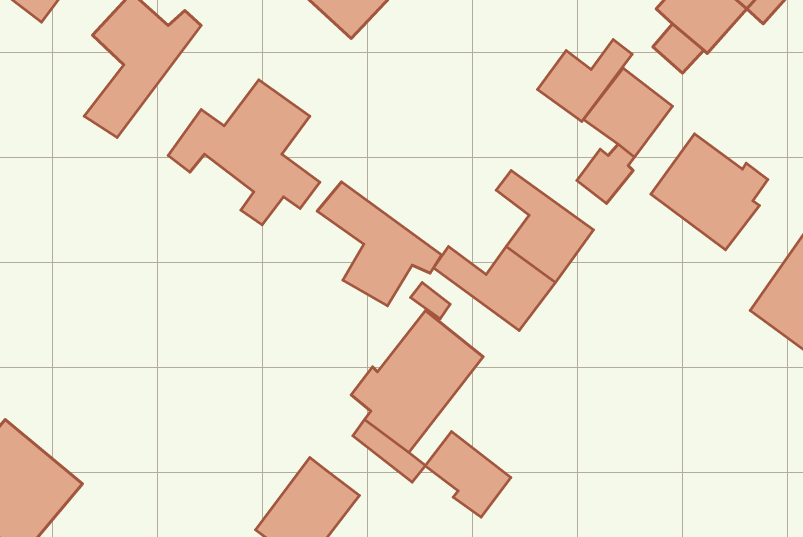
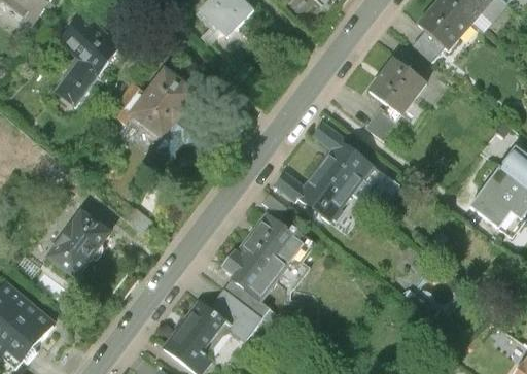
building: [537,39,632,122] -> none
building: [651,134,768,250] -> none
building: [317,182,441,306] -> none
building: none -> [48,210,112,278]
building: [425,431,511,517] -> [208,288,261,342]

